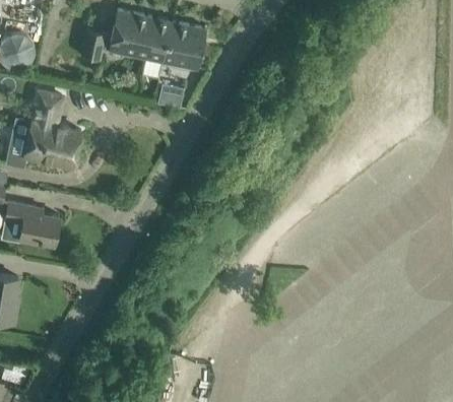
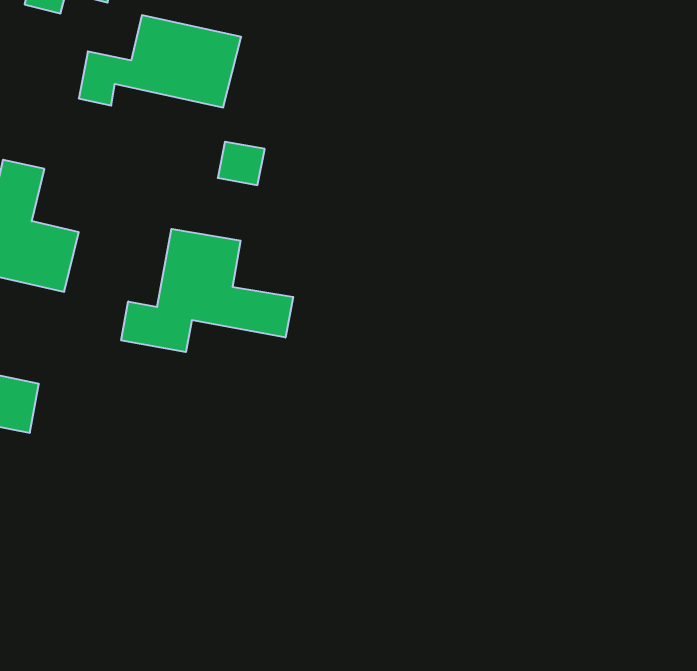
building: [164,21,206,68] -> none
building: none -> [121,229,293,352]

